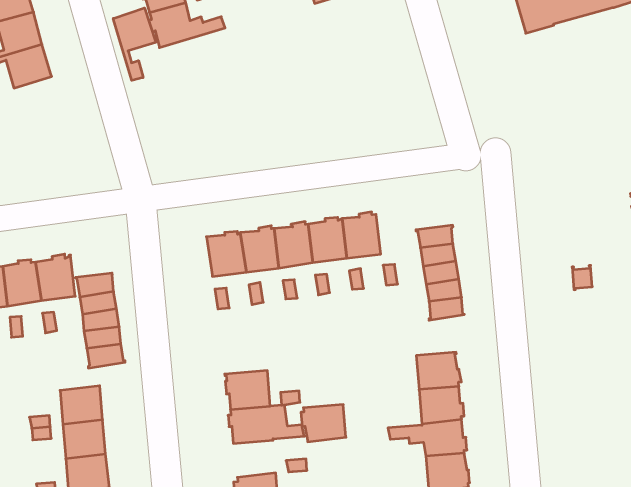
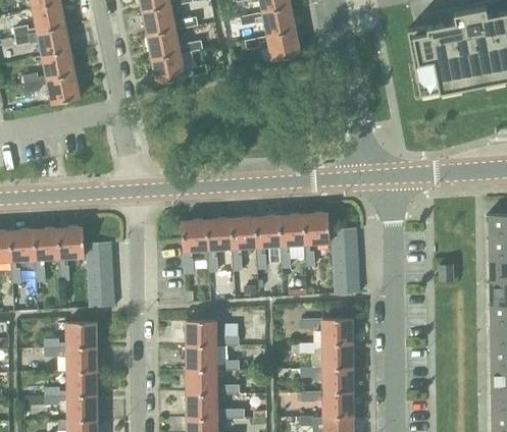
building: [113,8,156,80] -> none
building: none -> [303,212,329,244]
building: [301,405,346,442] -> [186,370,216,394]

